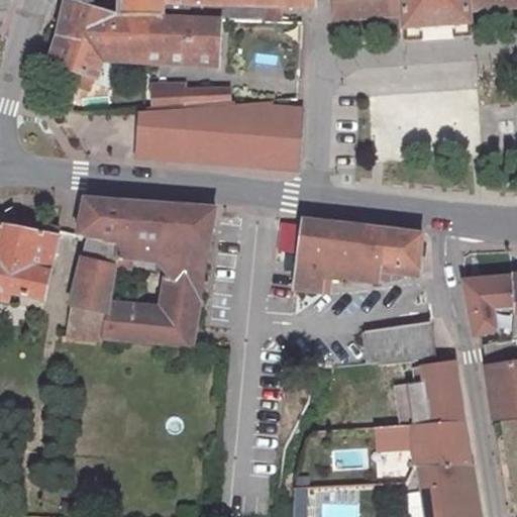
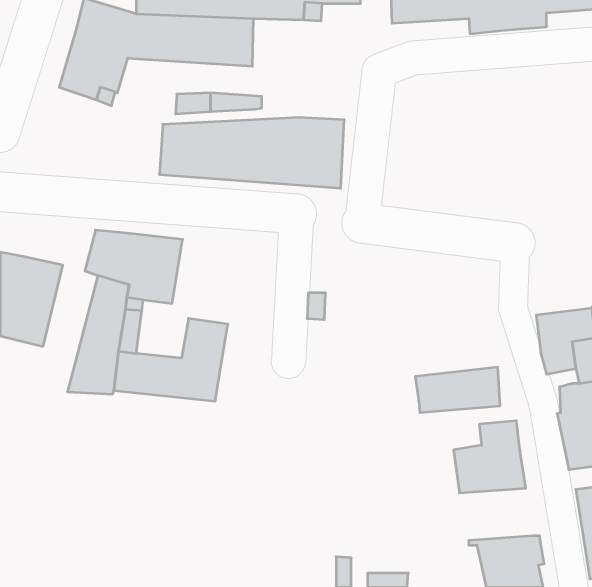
building: [151,208,211,282] -> none
building: [292,221,423,292] -> none
building: [378,424,464,470] -> none

